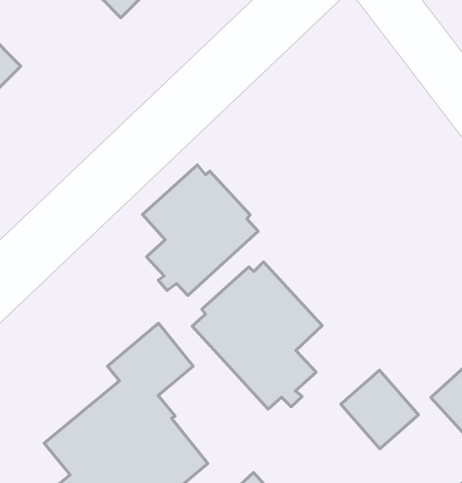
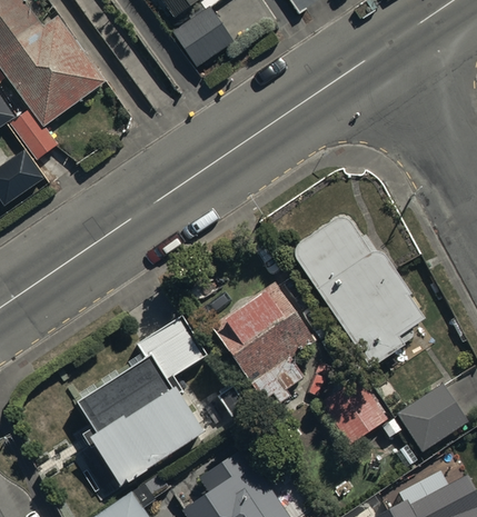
building: [143,165,258,296] -> none
building: none -> [292,217,423,368]

